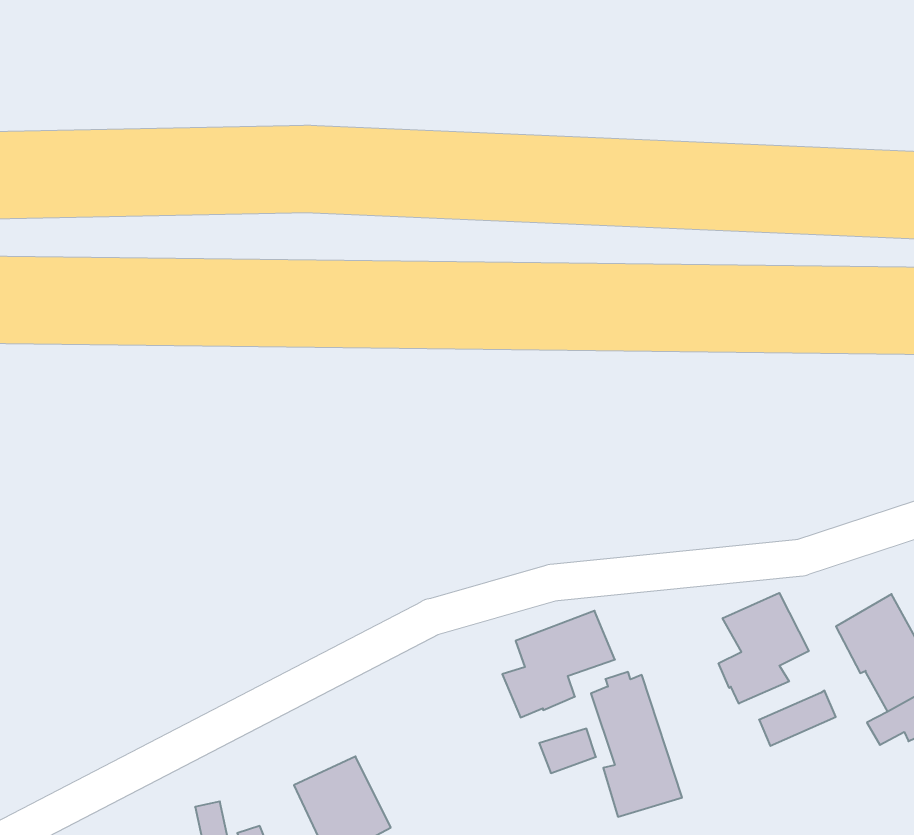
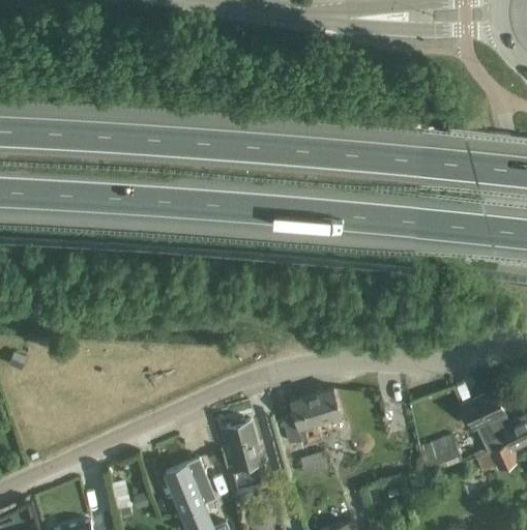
building: [719,593,809,704] -> none
building: [591,672,682,817] -> [223,420,268,498]

